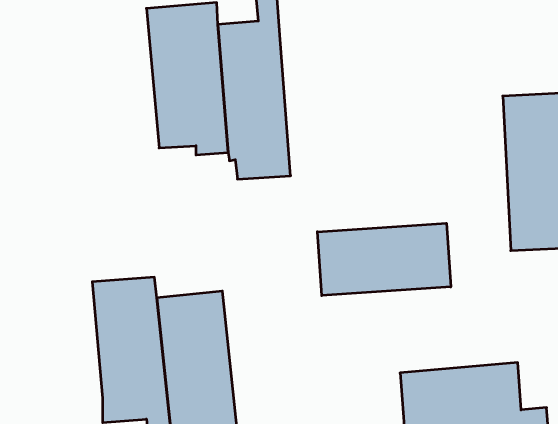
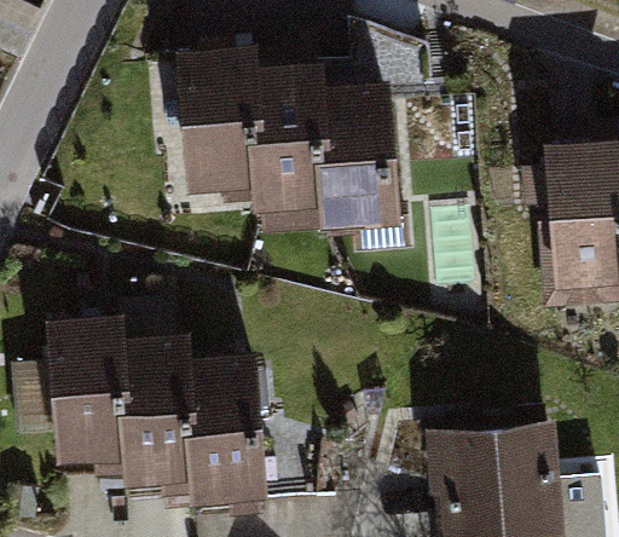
building: none -> [312,81,398,248]
building: [317,223,451,296] -> none
building: none -> [48,316,126,467]

